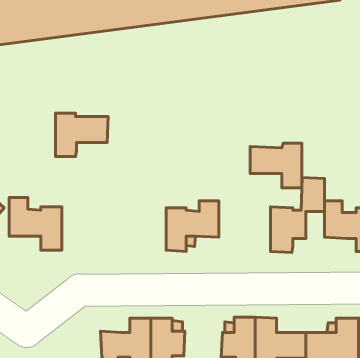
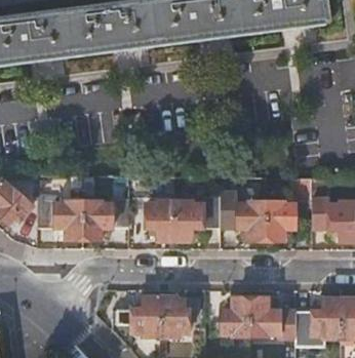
building: [55,113,108,157] -> [82,202,128,240]
building: [250,143,302,188] -> [220,202,265,241]
building: none -> [144,202,173,240]

